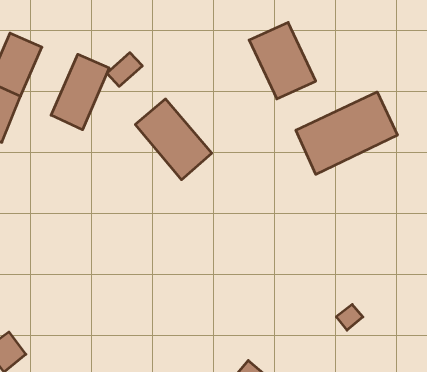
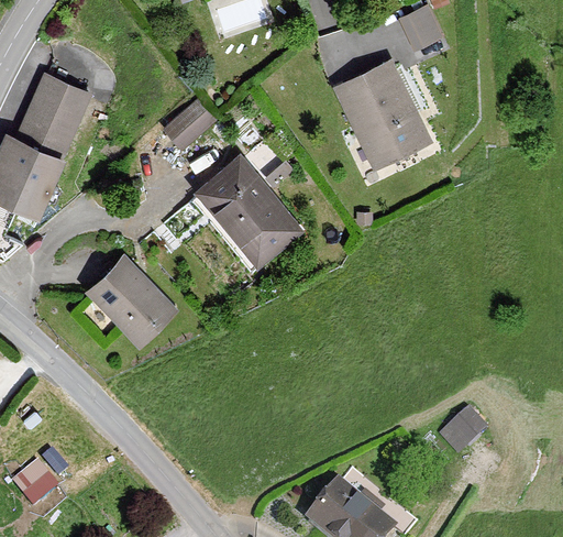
building: [51,54,109,130] -> none
building: [296,92,397,174] -> none
building: none -> [89,261,173,344]

